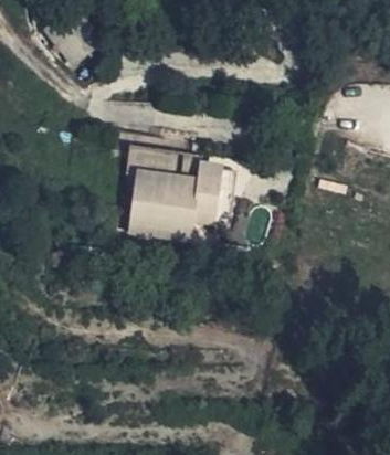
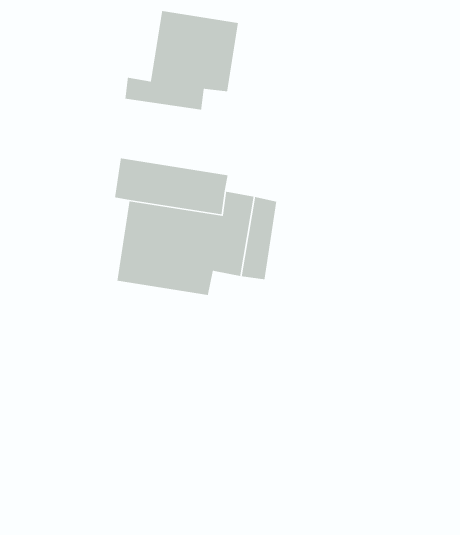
building: none -> [124,10,239,110]

